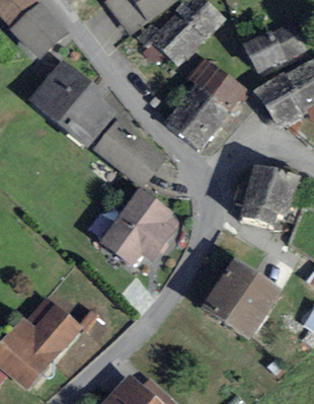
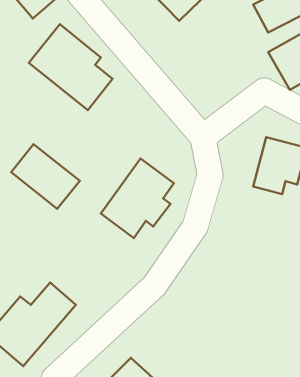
building: [170,69,242,146] -> none
building: [97,123,162,183] -> [11,144,80,209]
building: [207,262,279,336] -> none

